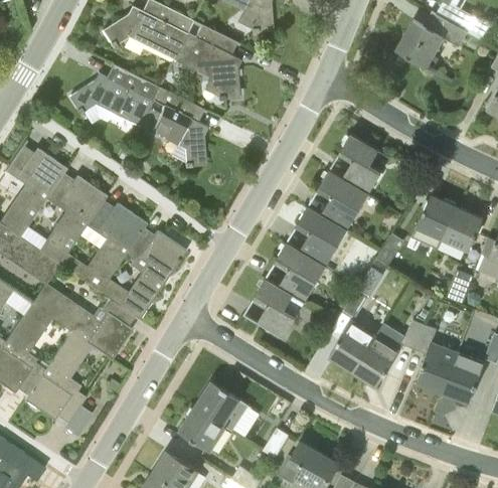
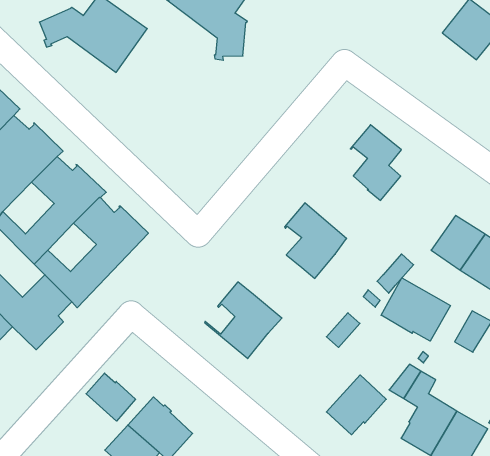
building: [139,87,205,167] -> none
building: [316,169,368,228] -> none
building: [273,241,326,301] -> none
building: none -> [381,278,450,341]
building: [329,320,375,370] -> none
building: none -> [86,373,136,421]

